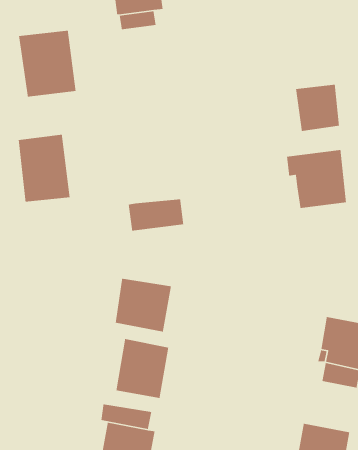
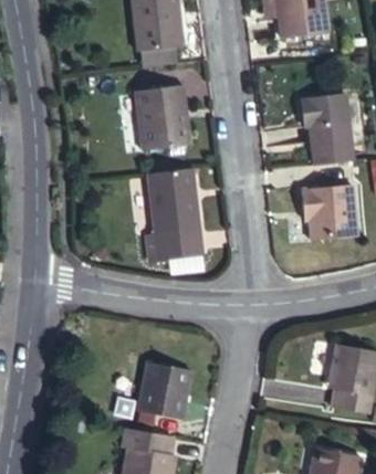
building: [18,30,77,97] -> [134,86,190,151]
building: none -> [304,91,348,125]
building: [18,134,71,202] -> [148,168,199,234]
building: [115,278,172,333] -> none

